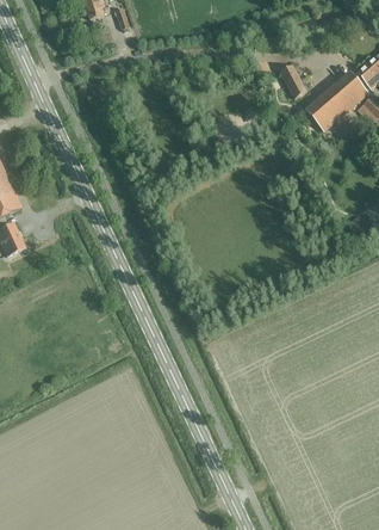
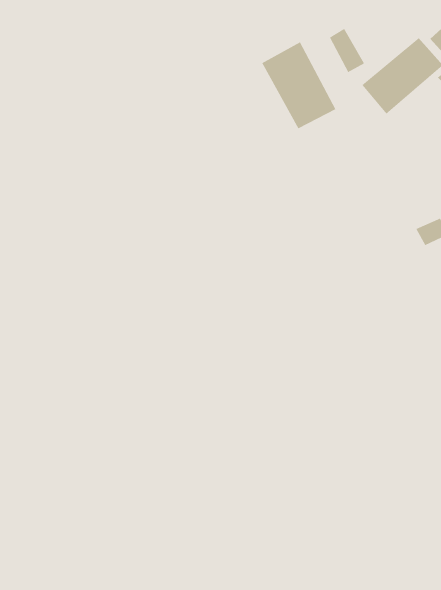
building: none -> [262,42,336,129]

